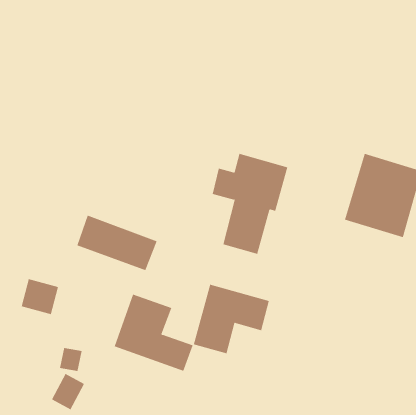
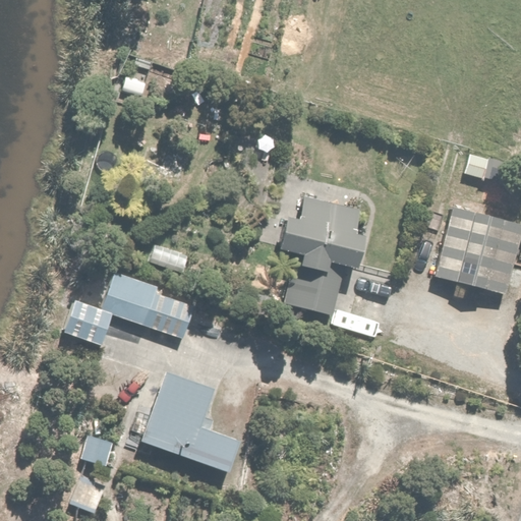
building: [21,279,59,315] -> [61,303,108,348]
building: [193,284,269,354] -> none

